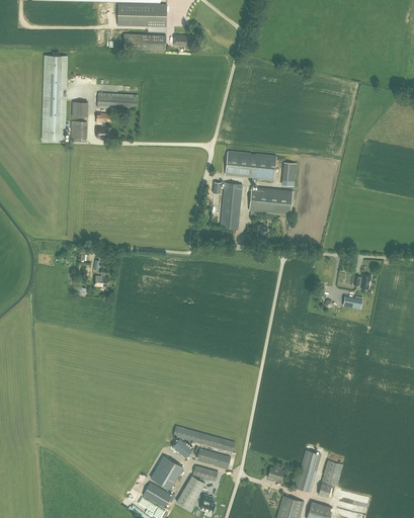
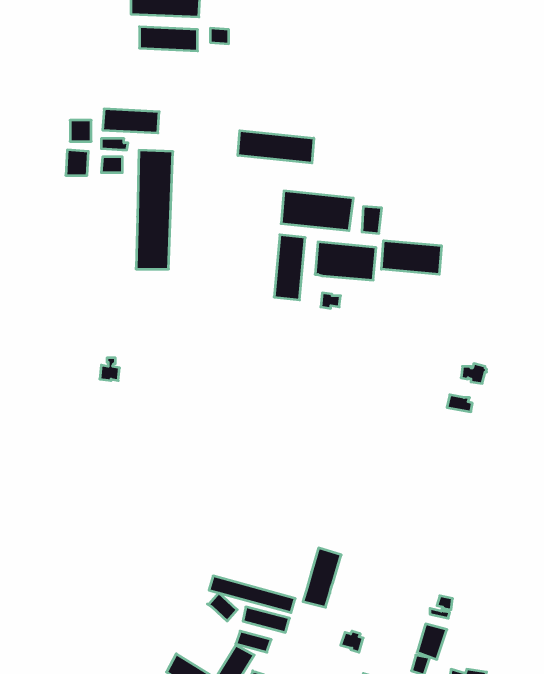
building: [40,55,67,140] -> [136,150,173,269]
building: none -> [238,131,314,163]
building: none -> [381,241,441,274]
building: [294,449,321,492] -> [303,548,341,607]
building: [151,457,182,491] -> none

